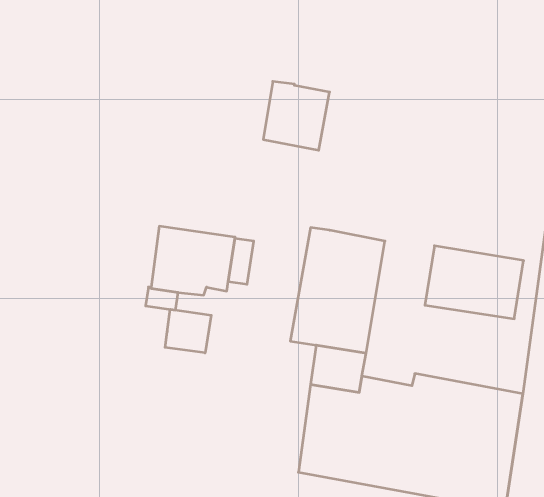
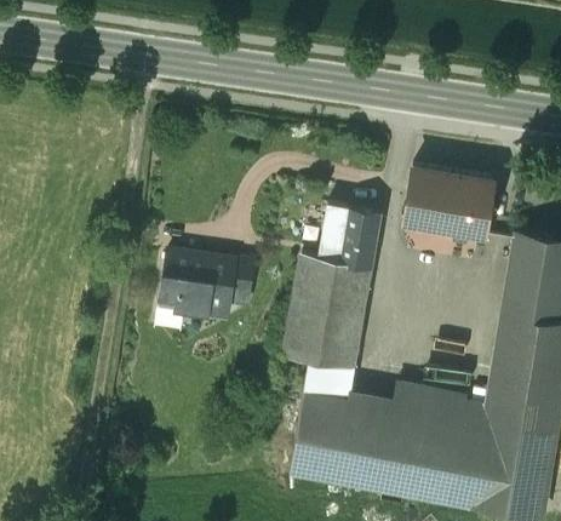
building: [263,81,330,150] -> [320,206,379,268]
building: [425,246,524,319] -> [405,168,493,234]
building: [165,309,211,353] -> none

